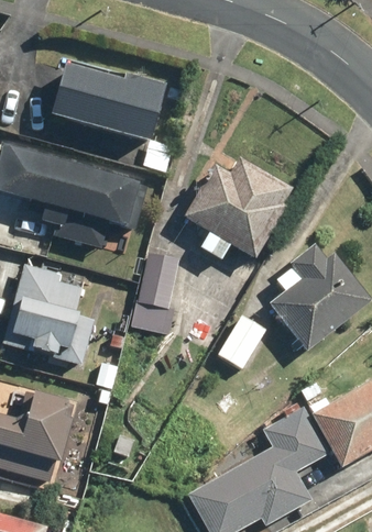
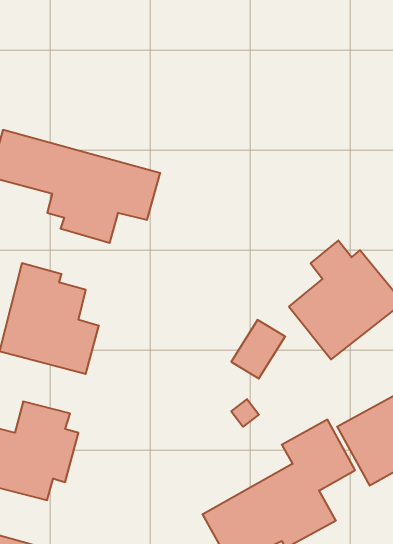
building: [52,65,166,144] -> none
building: [183,158,291,261] -> none
building: [129,253,176,334] -> none

